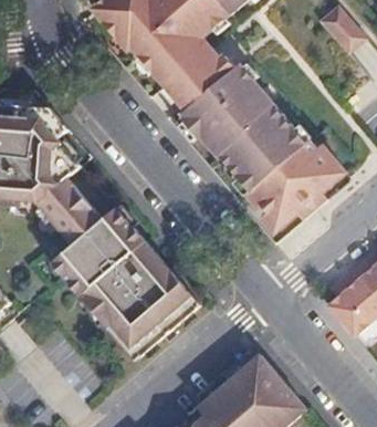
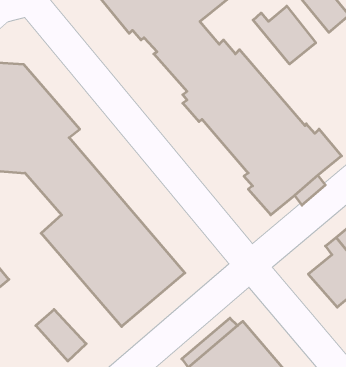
building: none -> [253,6,316,64]

